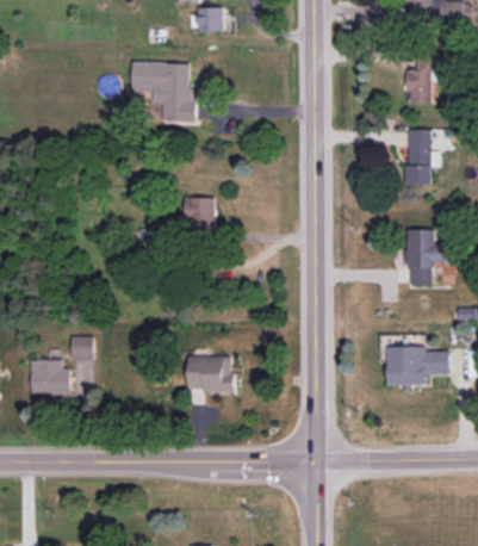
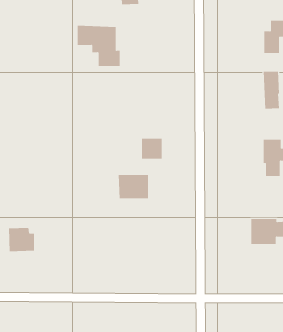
building: [184,198,215,229] -> [141,138,162,159]
building: [69,336,93,360] -> none
building: [187,356,232,392] -> [118,174,149,199]

